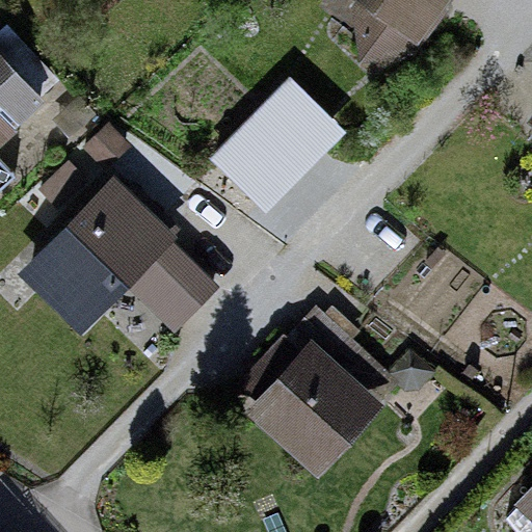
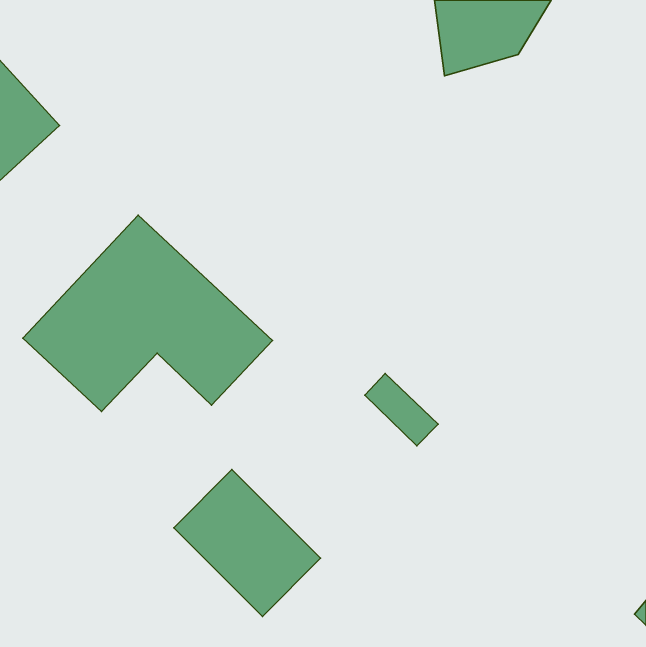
building: [234,79,325,170] -> none
building: [236,338,356,458] -> [174,470,321,617]

